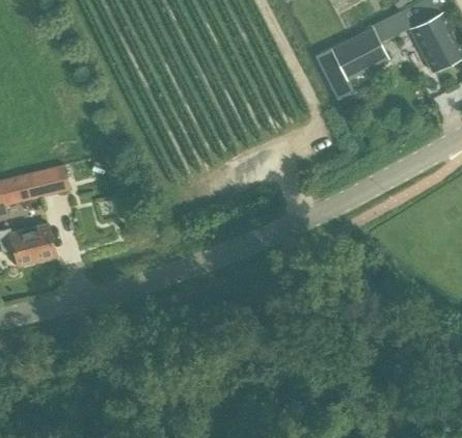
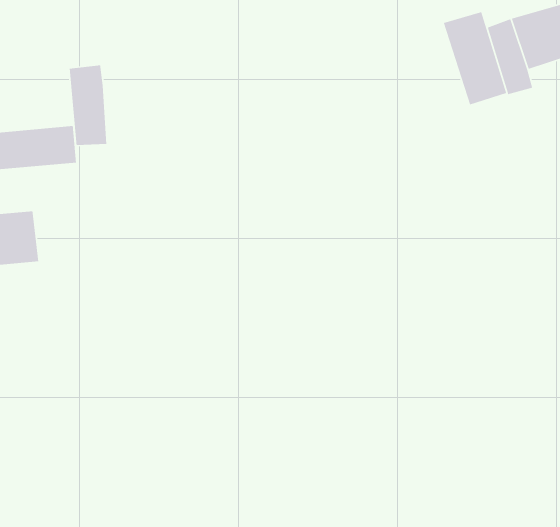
building: none -> [443,11,507,105]
building: none -> [69,64,107,146]

